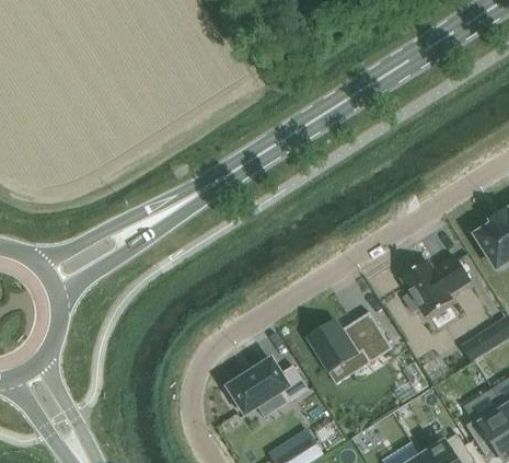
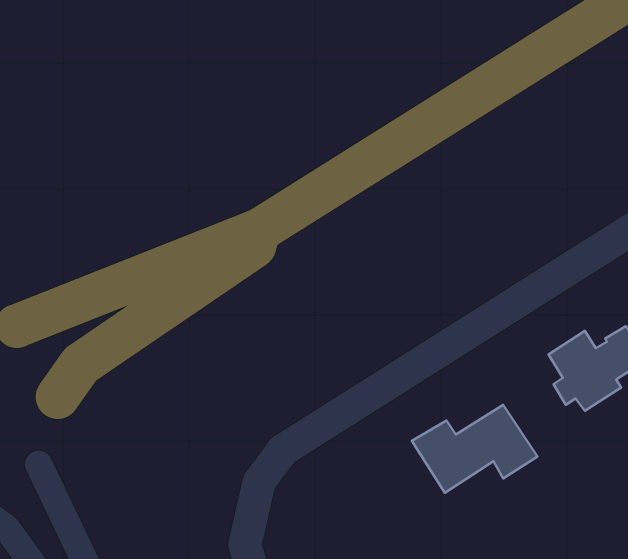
building: [227,358,309,413] -> none

